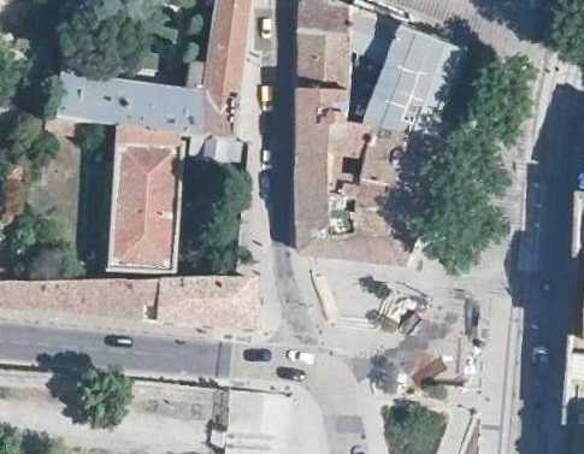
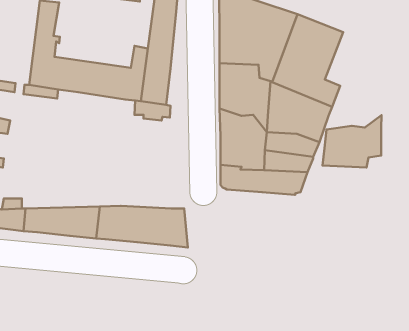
building: [104,124,178,269] -> none
building: none -> [323,115,382,168]

